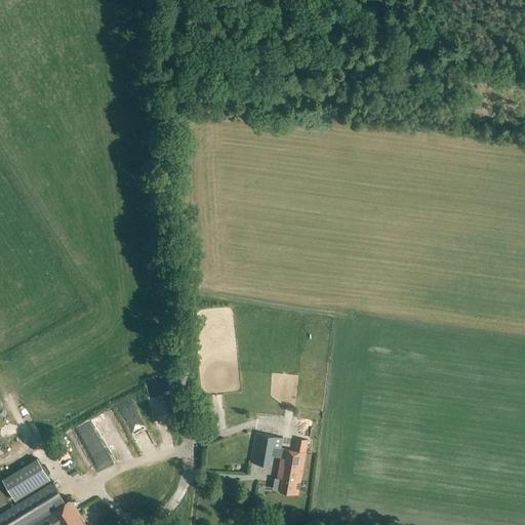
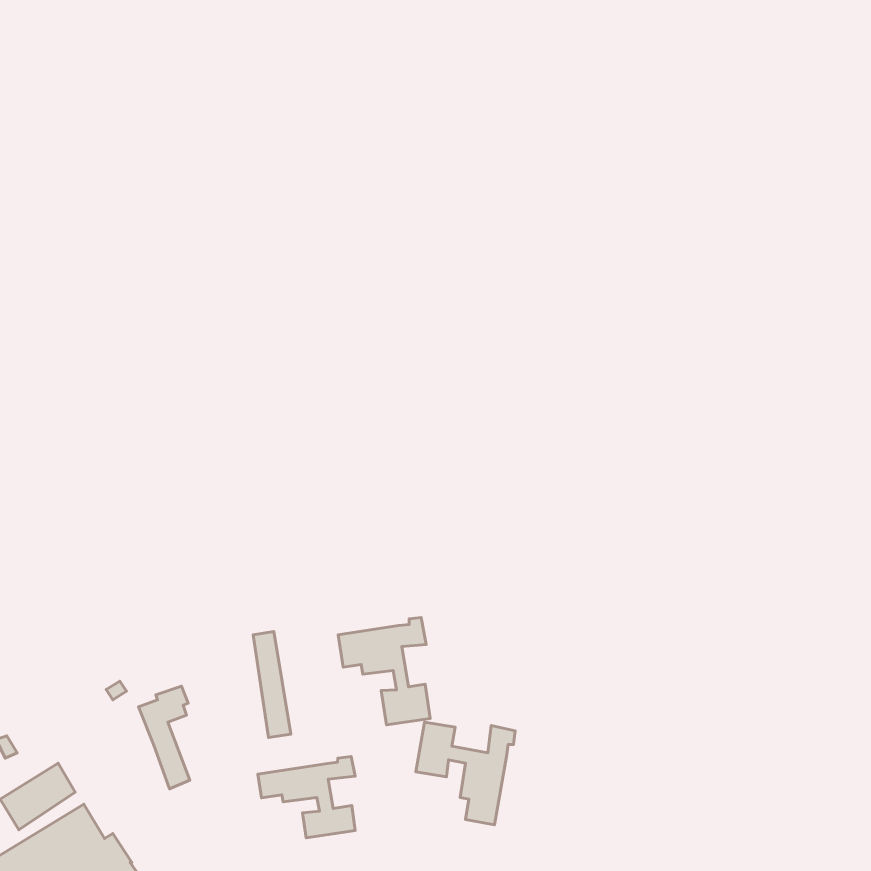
building: none -> [338,618,430,725]
building: none -> [258,757,355,838]

